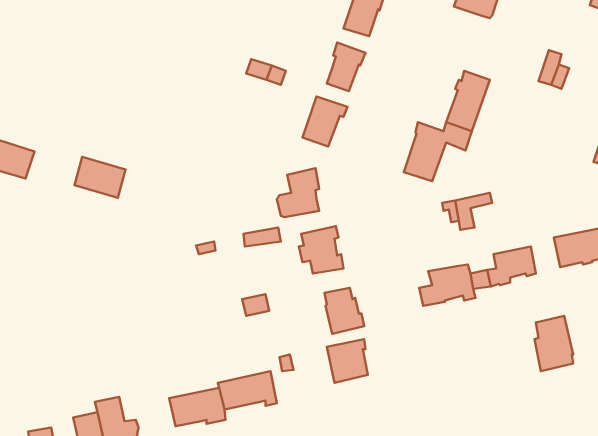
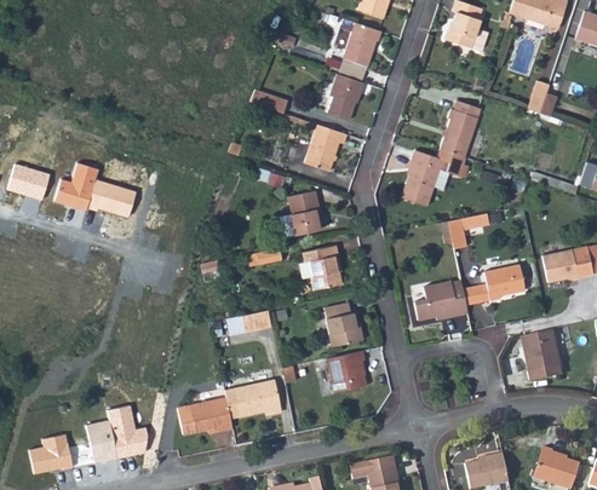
building: none -> [57,163,99,211]

